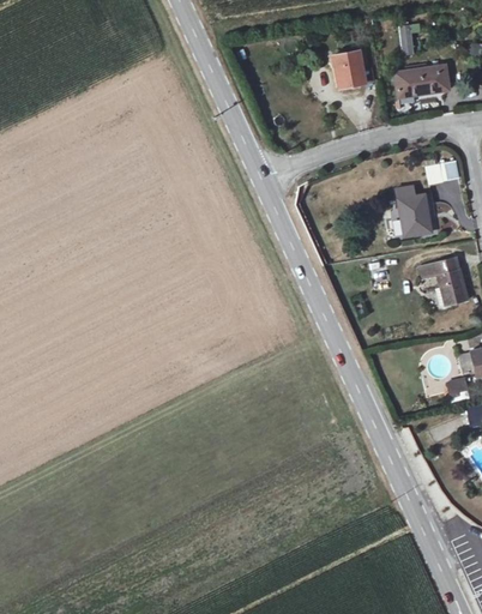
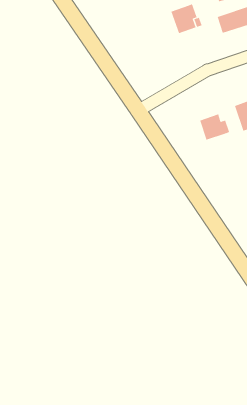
building: none -> [199,114,230,141]

